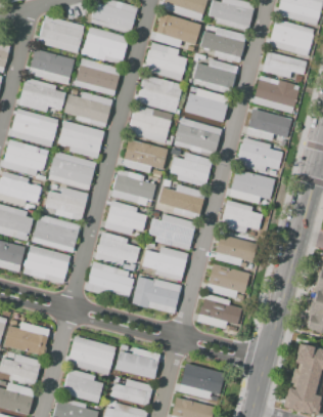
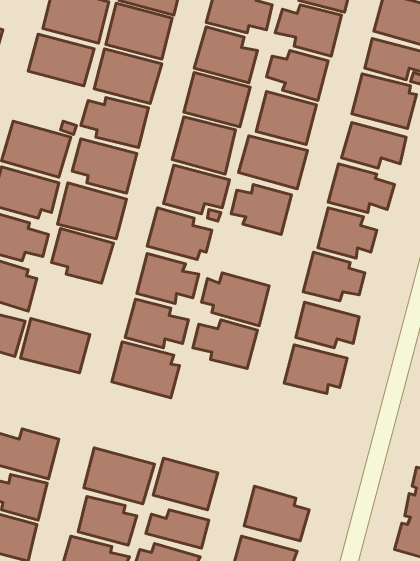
building: [19,78,66,111] -> none
building: [158,184,205,219] -> none
building: [33,214,81,253] -> none
building: [132,277,181,316] -> none
building: [197,294,242,329] -> none

